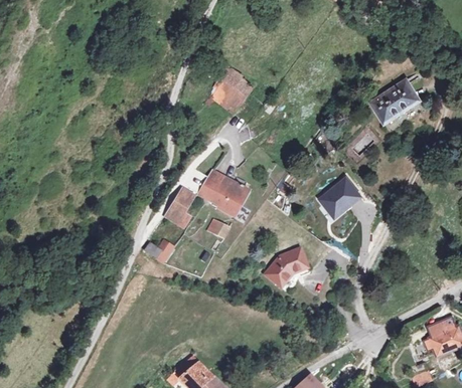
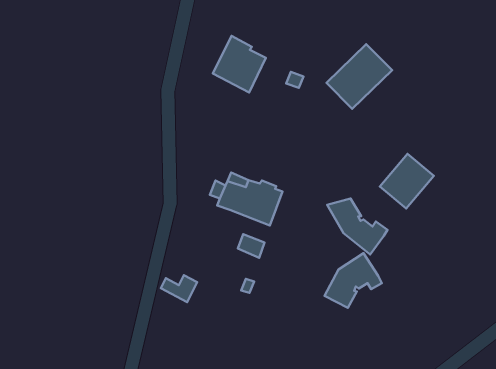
building: [368,77,420,125] -> [326,44,392,109]
building: [166,188,193,228] -> none
building: none -> [327,199,388,254]

